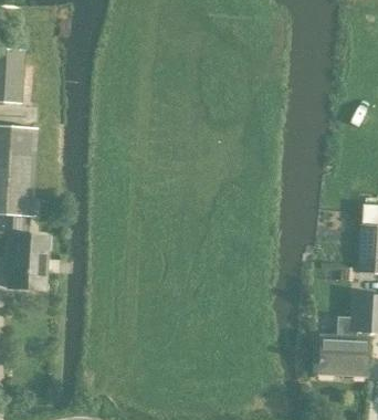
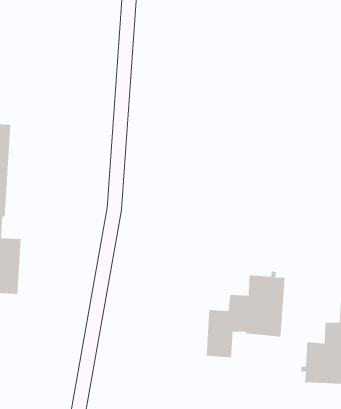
building: none -> [206,271,285,358]

